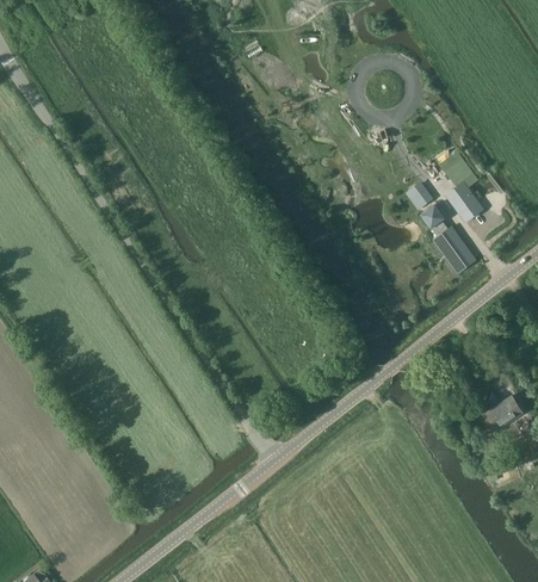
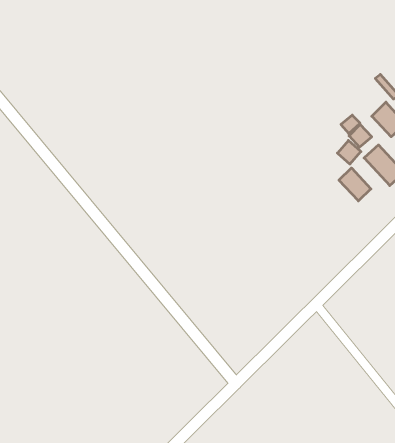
building: none -> [339,168,371,201]

